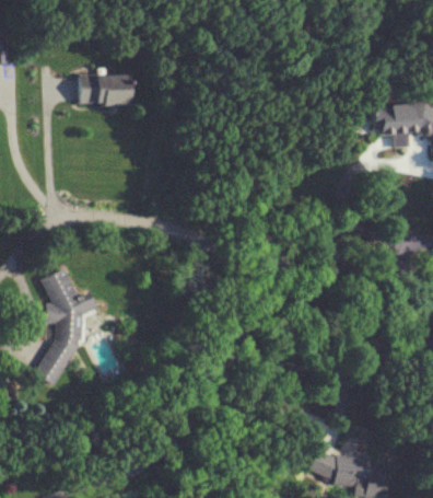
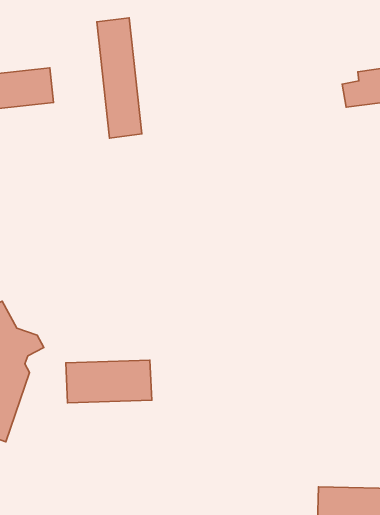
building: none -> [97,18,142,138]
building: none -> [66,360,152,403]

